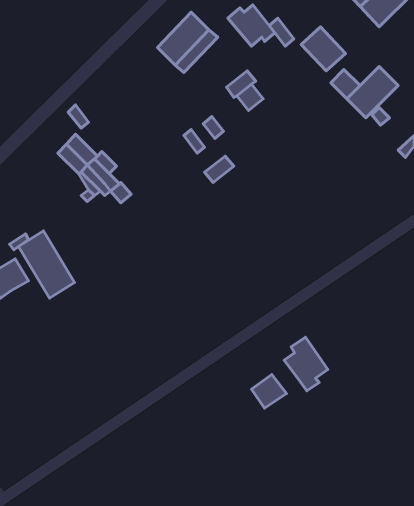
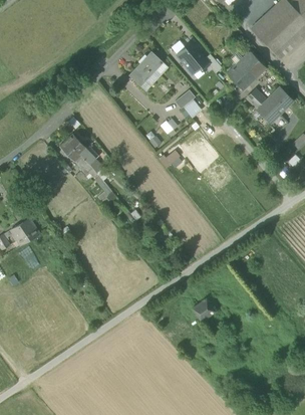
building: none -> [240,50,267,78]
building: [19,231,75,298] -> none
building: [284,337,328,391] -> none

